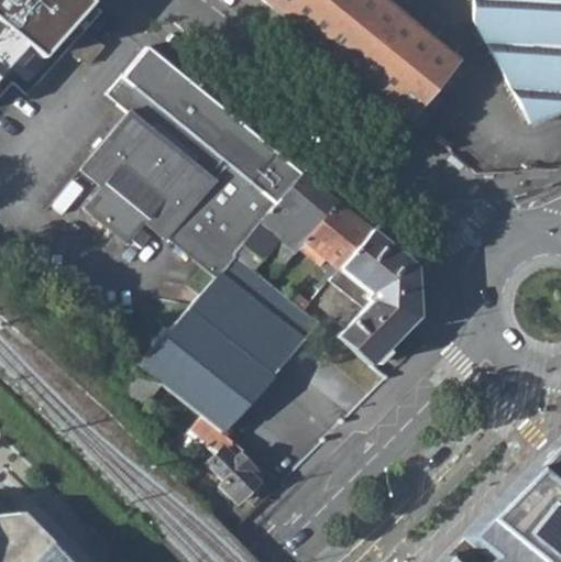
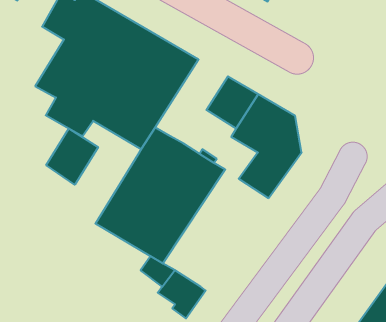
building: [239,175,342,267] -> none
building: none -> [46,128,98,185]

